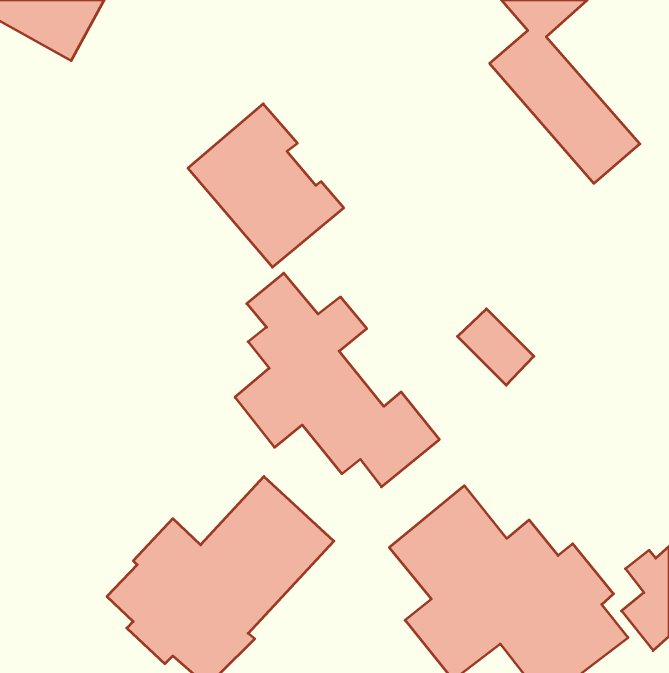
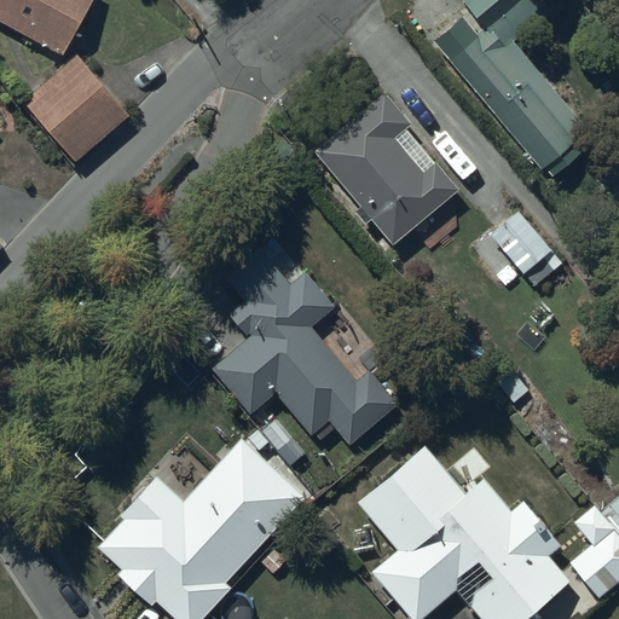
building: none -> [24,56,132,163]
building: [188,104,344,267] -> [313,93,456,243]
building: [457,309,534,385] -> [488,210,559,280]

